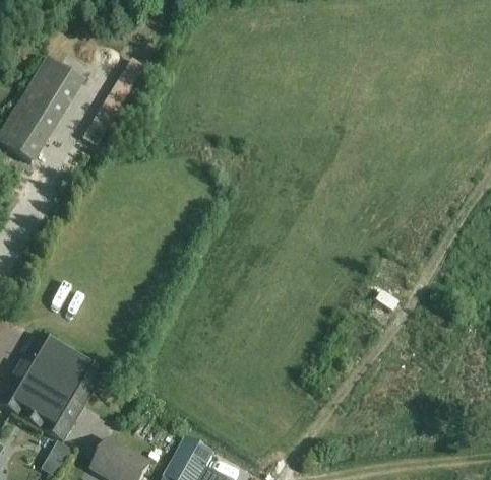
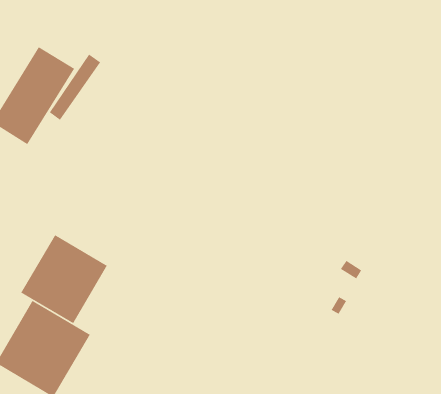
building: none -> [20,234,108,324]

